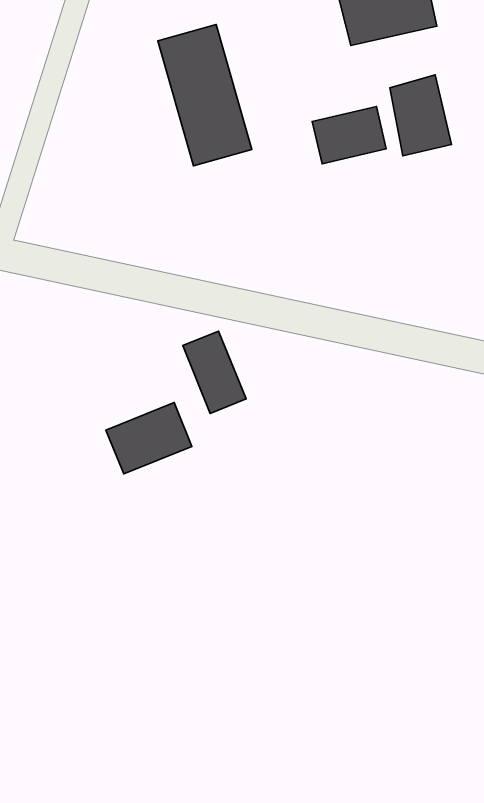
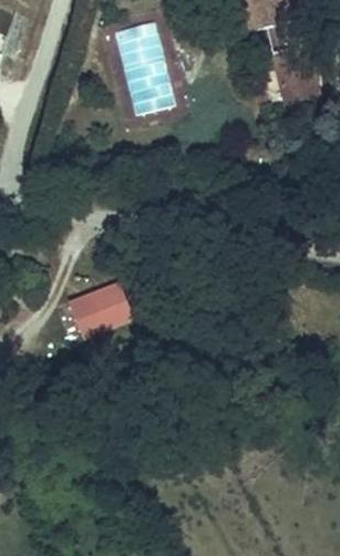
building: [312,107,386,164] -> none
building: [183,331,246,413] -> none

